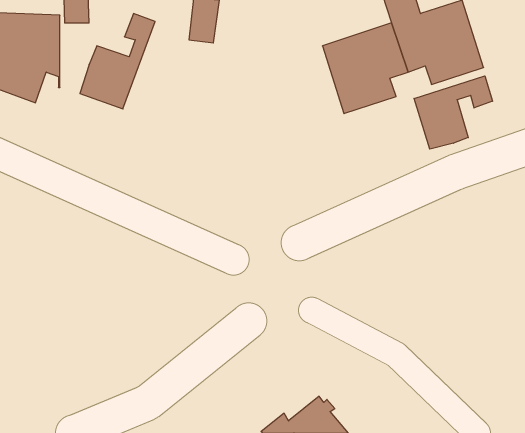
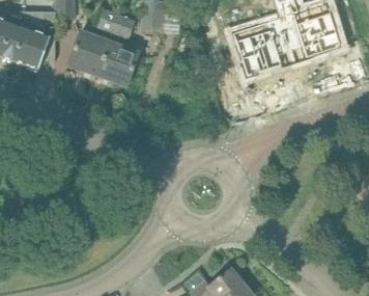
building: none -> [95,16,136,85]
building: [414,76,493,149] -> none

